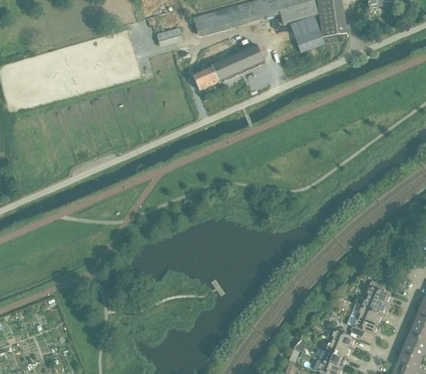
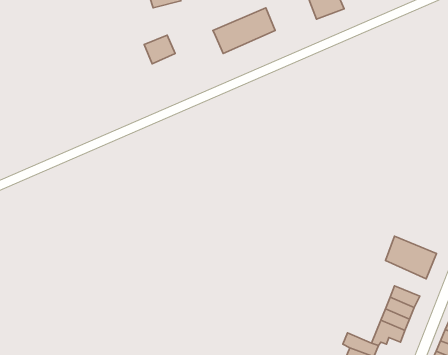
building: [191,64,219,89] -> [144,35,175,64]
building: none -> [386,236,436,279]

